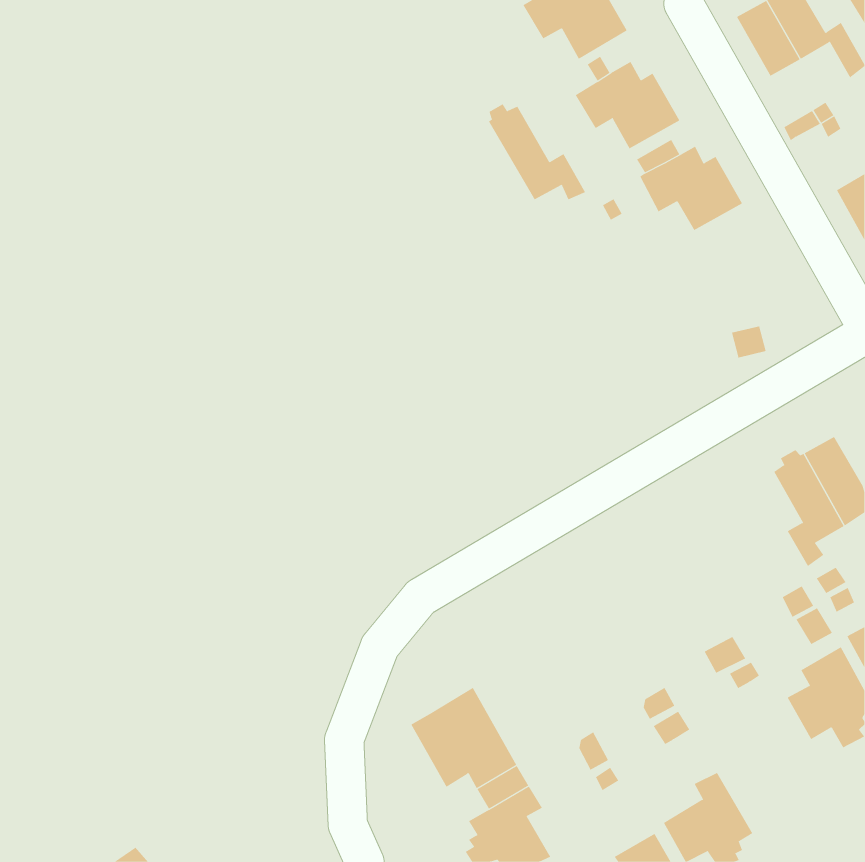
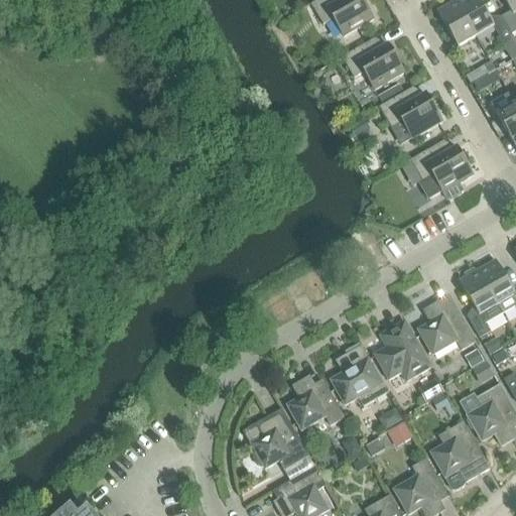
building: [488,103,586,200] -> none
building: none -> [410,139,473,197]
building: none -> [418,295,475,354]
building: none -> [375,319,431,380]
building: none -> [331,345,388,405]
building: none -> [287,378,344,429]
building: none -> [430,421,490,482]

